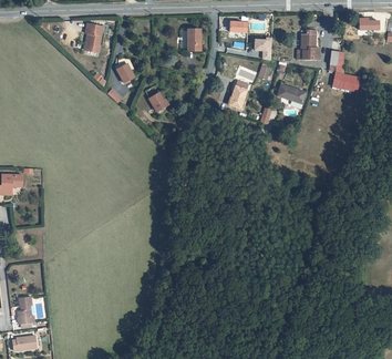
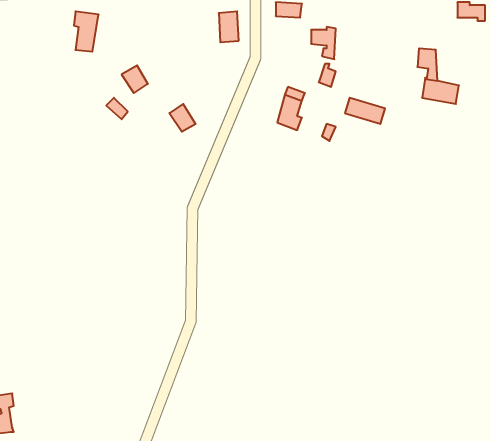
building: [295,27,317,57] -> none

